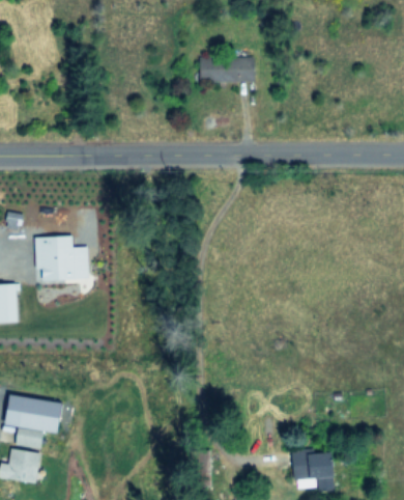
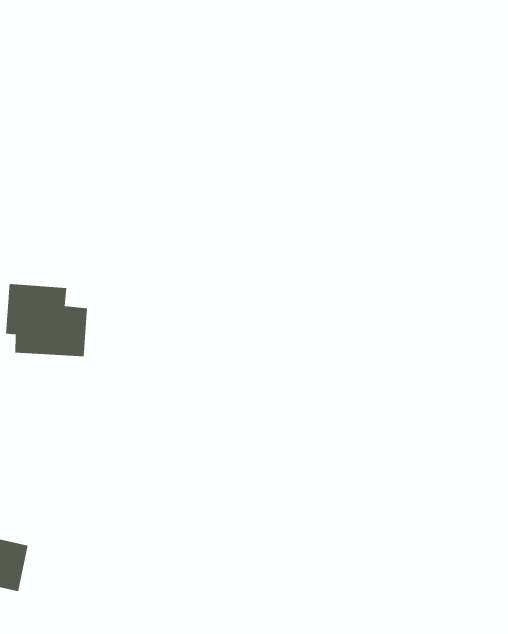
building: [200,57,254,83] -> none

